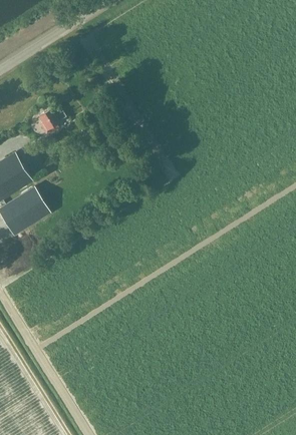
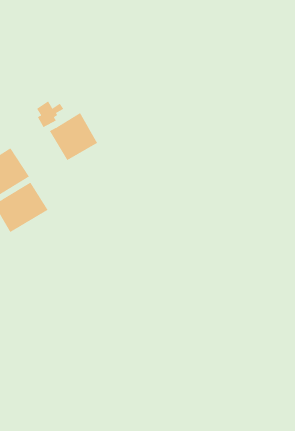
building: none -> [49,112,98,161]

